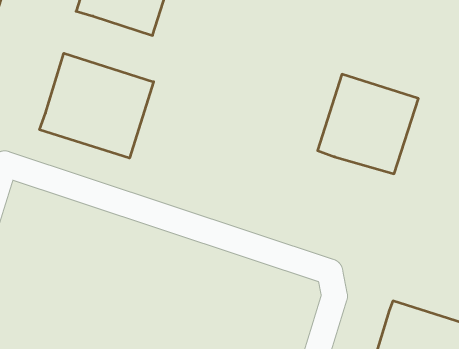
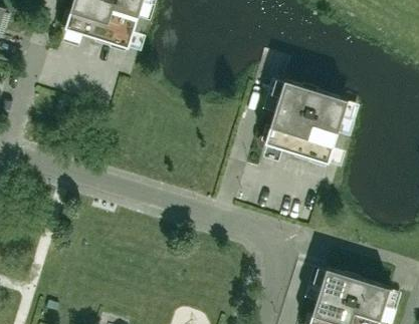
building: [40,53,154,158] -> none

